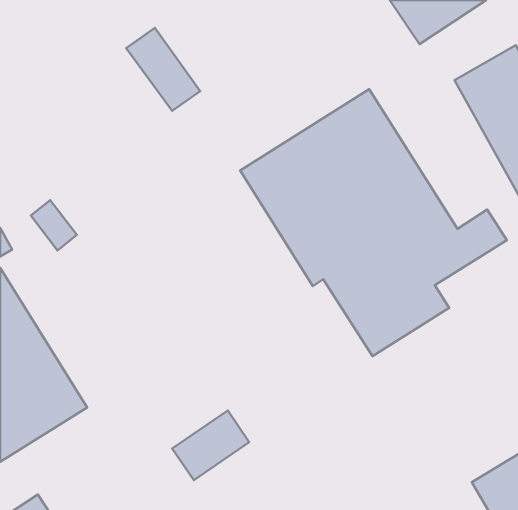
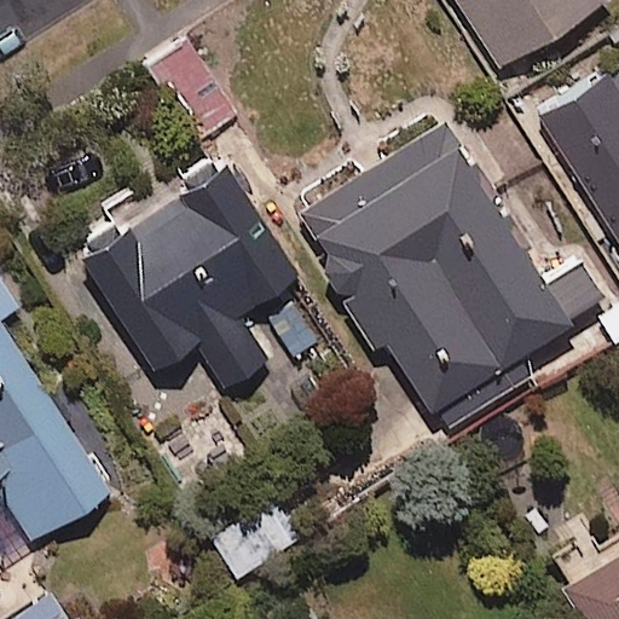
building: none -> [74,155,299,389]

